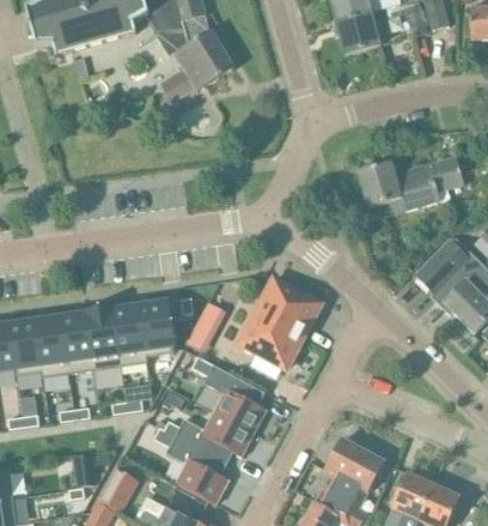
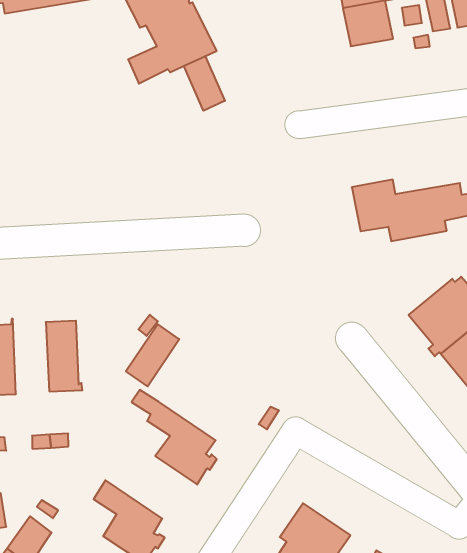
building: none -> [184,56,225,111]
building: [239,278,319,367] -> none
building: [139,298,176,356] -> none
building: [86,307,122,369] -> none
building: [164,410,252,461] -> none

